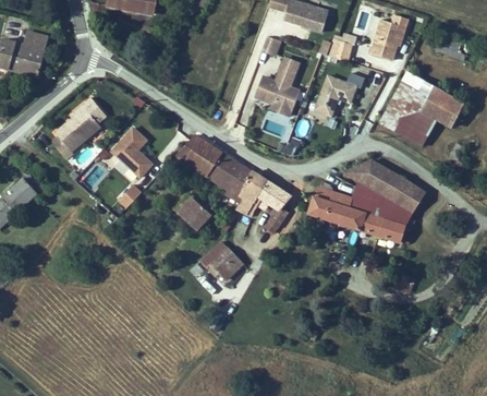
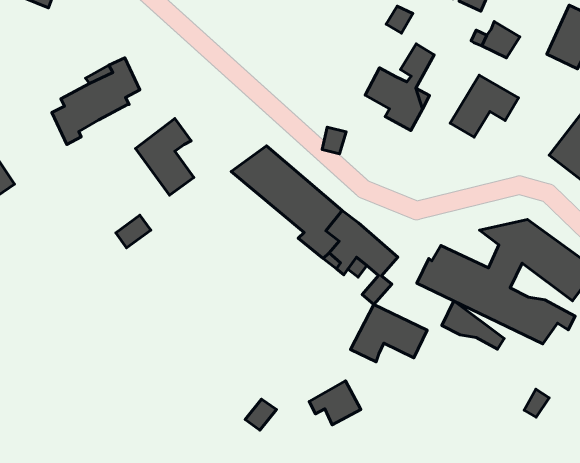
building: [372,191,414,218] -> [442,301,504,349]
building: [172,199,212,238] -> none
building: none -> [351,304,427,362]
building: [200,245,235,276] -> [309,381,361,425]

